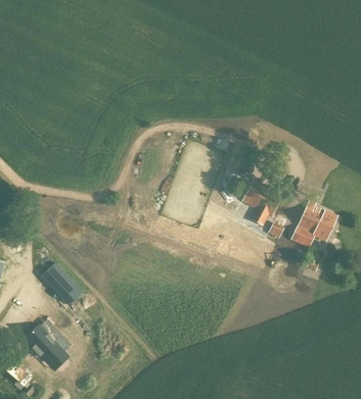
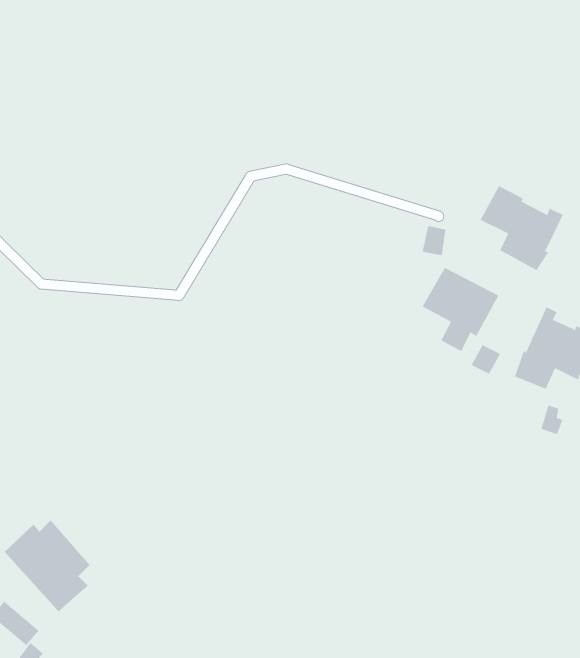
building: none -> [480,185,563,271]
building: [39,263,82,307] -> none

